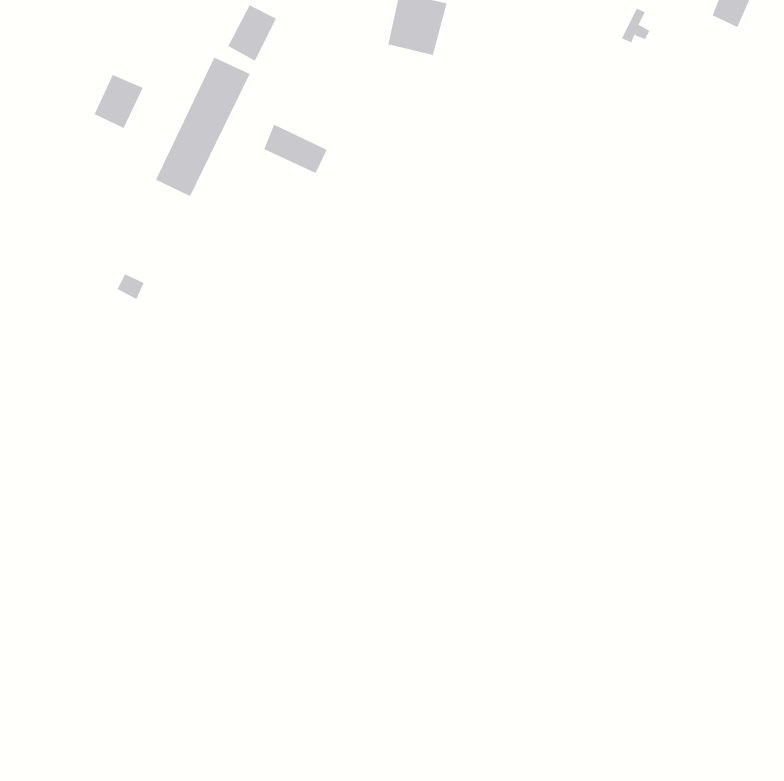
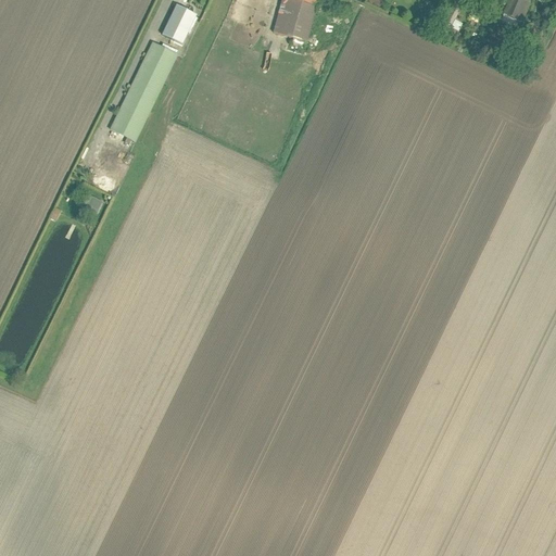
building: [94,74,143,129] -> none
building: [263,124,327,174] -> none

